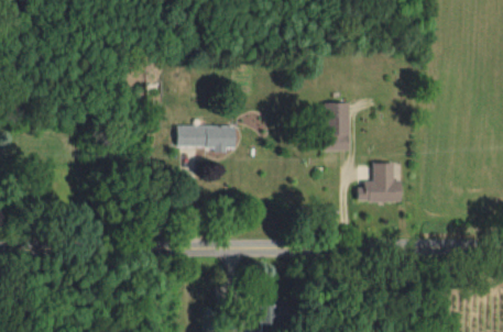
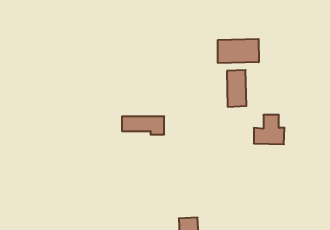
building: none -> [218,39,259,63]
building: [176,126,233,151] -> [122,116,164,134]

